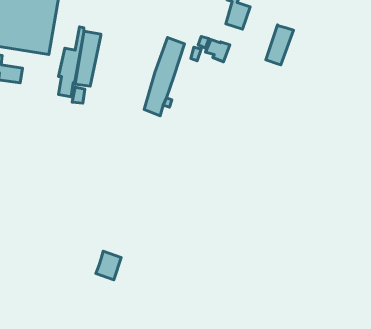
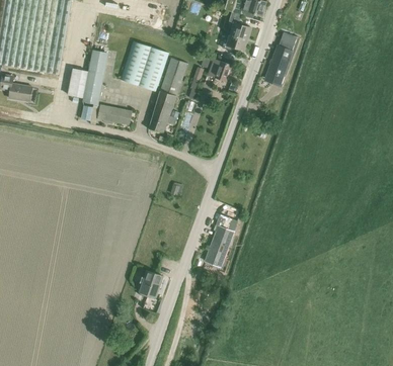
building: none -> [120,40,168,91]
building: none -> [97,104,132,124]
building: none -> [205,213,237,267]
building: [96,251,121,280] -> [139,270,163,297]

